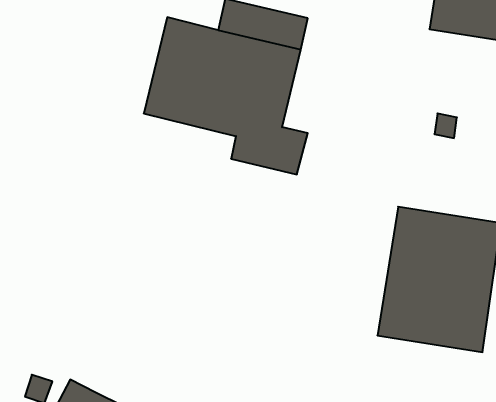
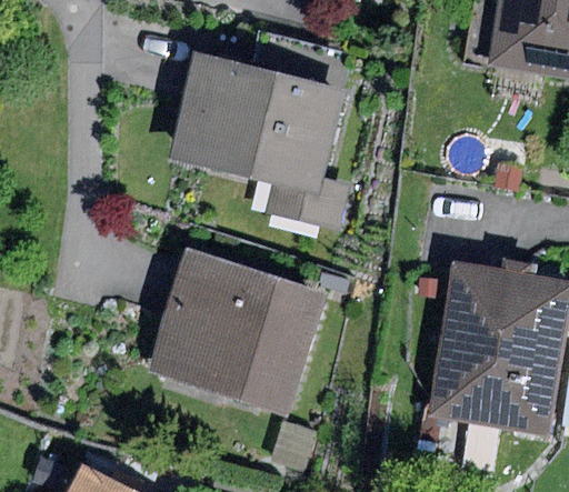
building: none -> [147,248,325,414]

